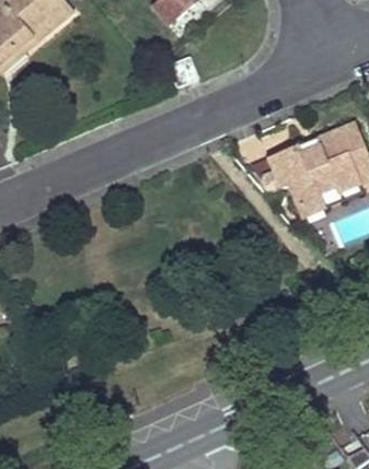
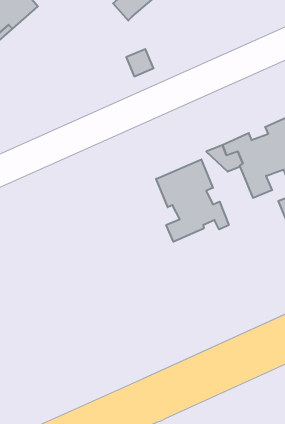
building: none -> [156,159,229,242]

